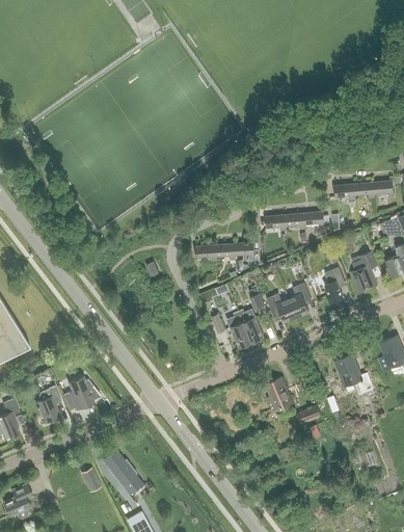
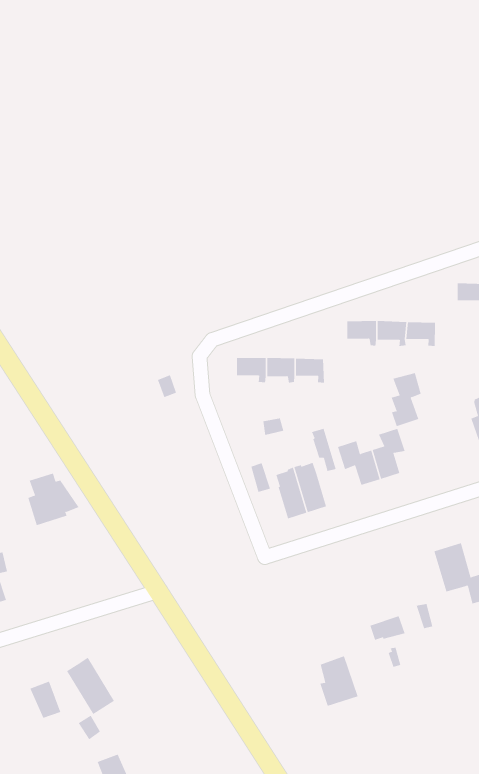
building: [324,268,344,304] -> [391,373,421,427]
building: [68,376,102,411] -> [27,473,79,526]
building: [266,378,293,413] -> [320,655,358,707]

